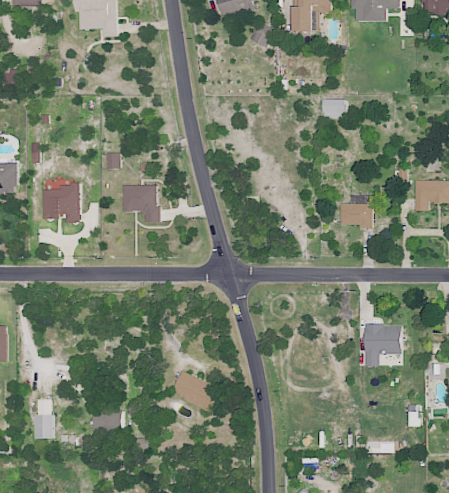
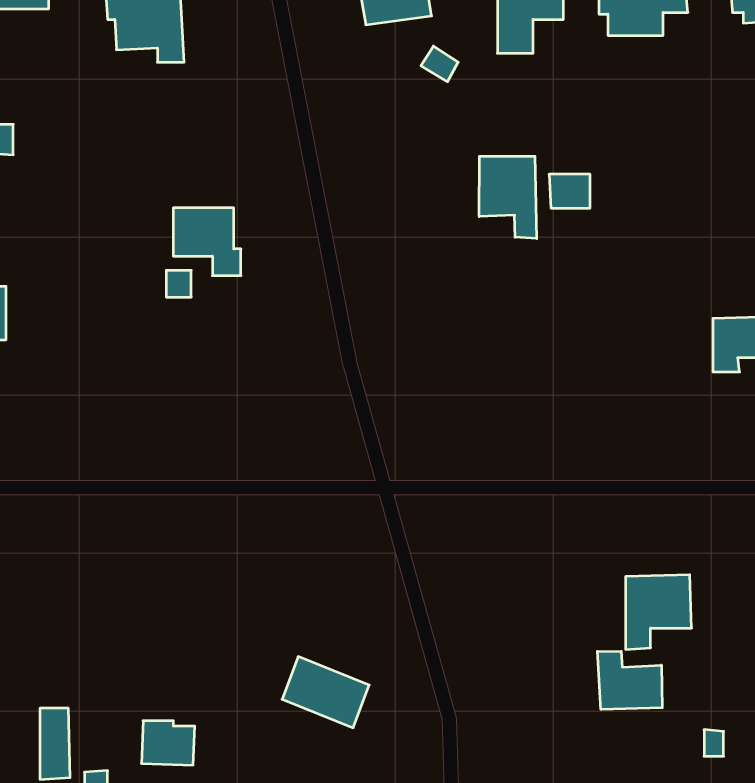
building: none -> [479,156,537,239]
building: [123,184,161,222] -> [173,208,241,276]
building: [44,186,81,222] -> none
building: [340,203,372,226] -> none
building: none -> [597,651,662,709]

